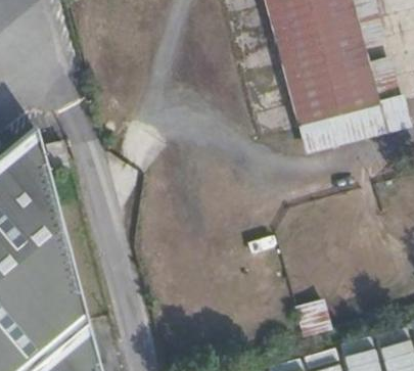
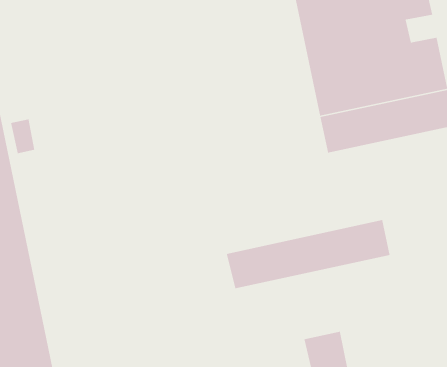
building: none -> [226,219,390,289]

